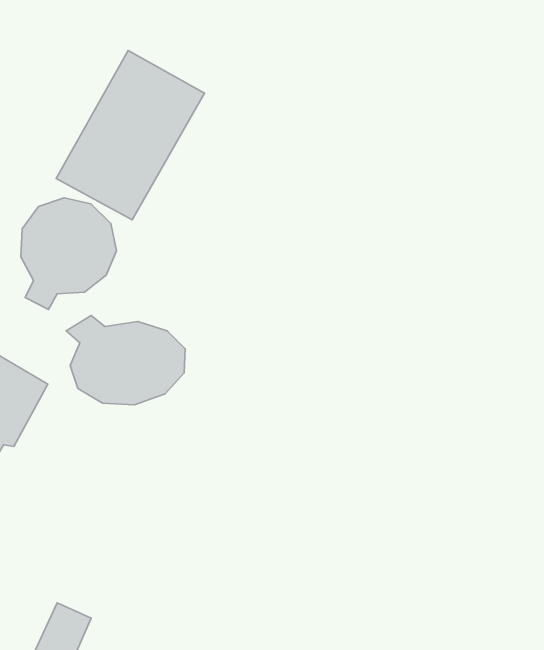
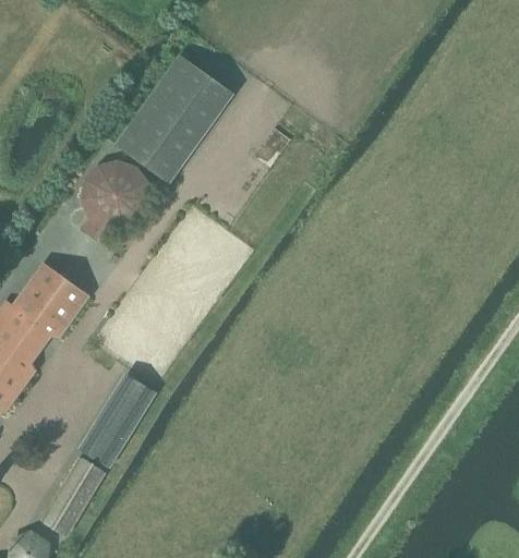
building: [66,315,185,405] -> none
building: none -> [79,374,157,469]

